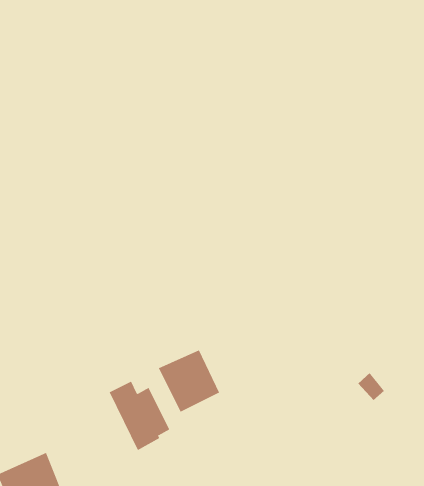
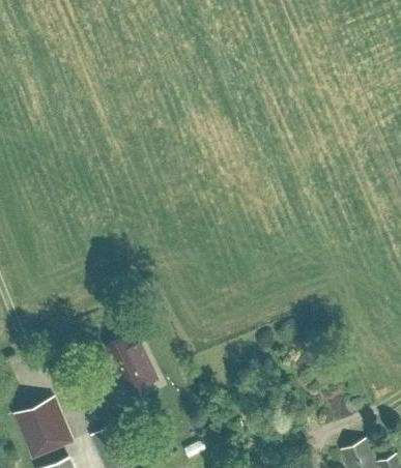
building: [158,349,220,412] -> none

